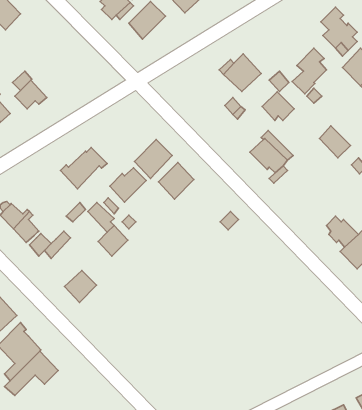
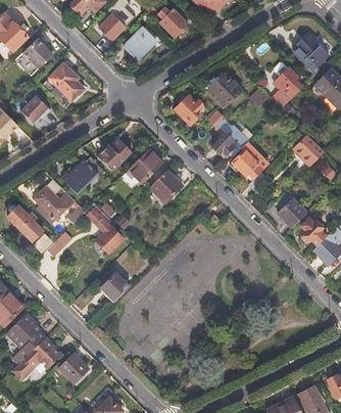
building: none -> [15,38,52,74]
building: none -> [42,64,83,107]
building: none -> [175,95,204,125]
building: [262,92,294,120] -> [213,132,242,157]
building: [110,168,146,202] -> [98,139,131,170]
building: none -> [35,179,75,223]
building: none -> [278,198,306,227]
building: [65,270,97,302] -> [101,273,130,302]
building: none -> [58,353,89,382]

